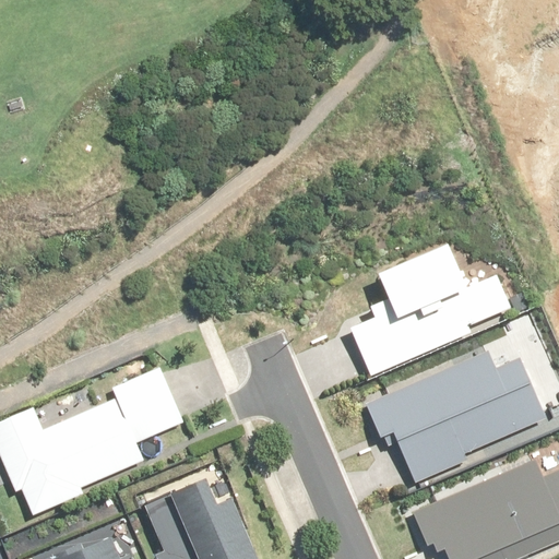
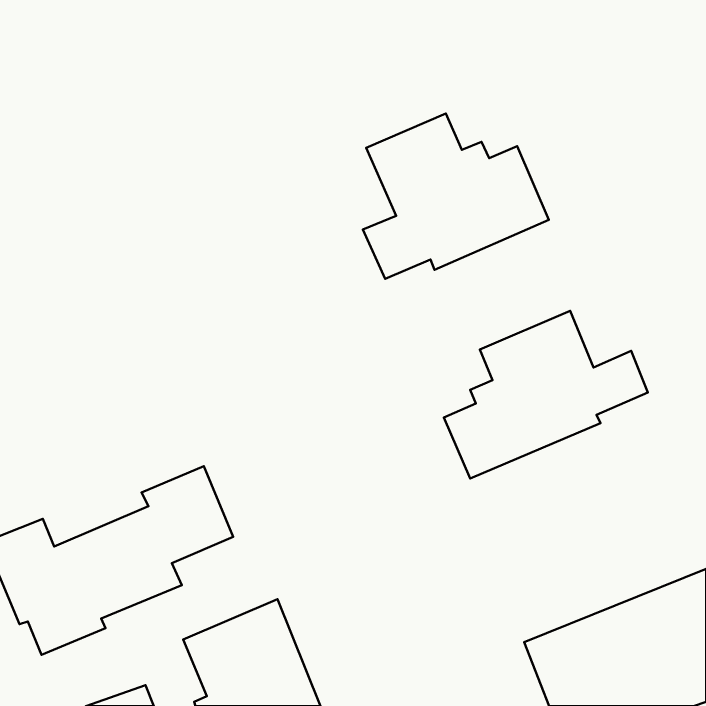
building: none -> [363,114,549,279]
building: [367,353,544,481] -> none

